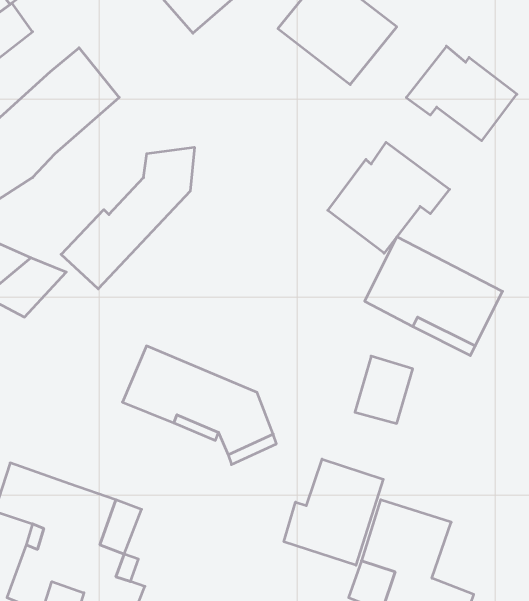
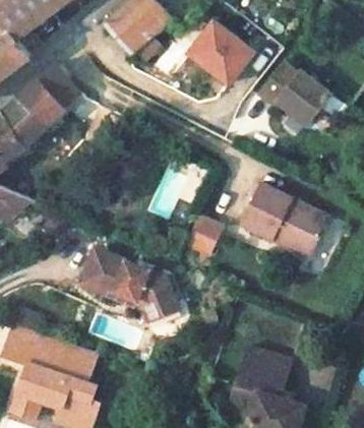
building: [328,142,450,253] -> none
building: [61,147,194,289] -> none
building: [355,356,413,423] -> [186,216,223,258]
building: [284,459,383,565] -> none

